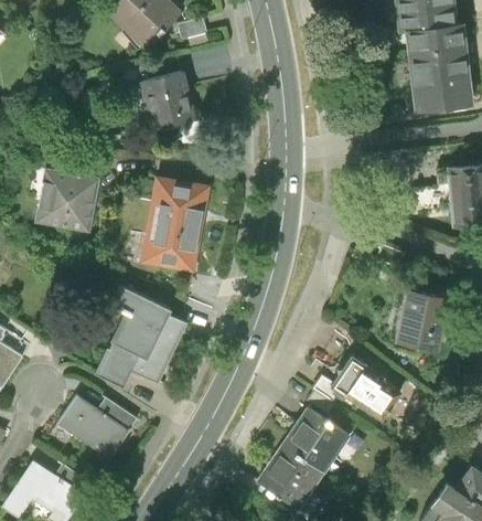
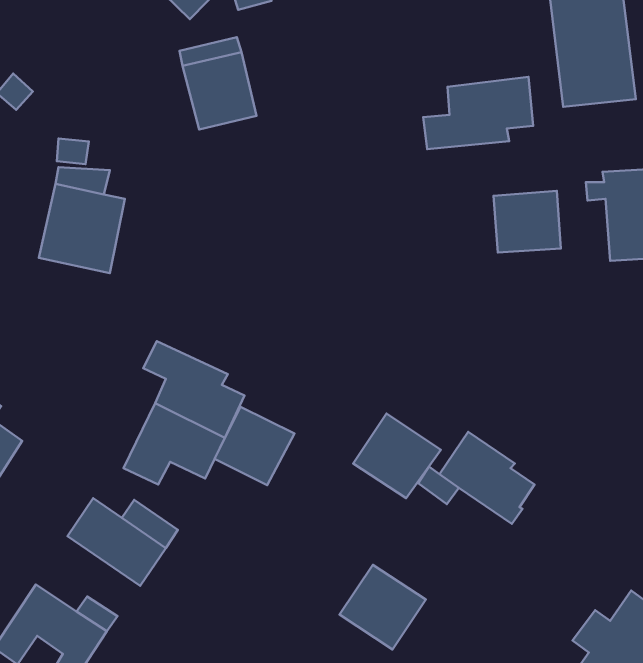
building: none -> [423,77,533,149]
building: none -> [494,191,561,252]
building: [141,176,211,272] -> none
building: [397,289,447,351] -> none
building: none -> [215,407,295,485]
building: [280,411,344,472] -> [353,413,441,498]

